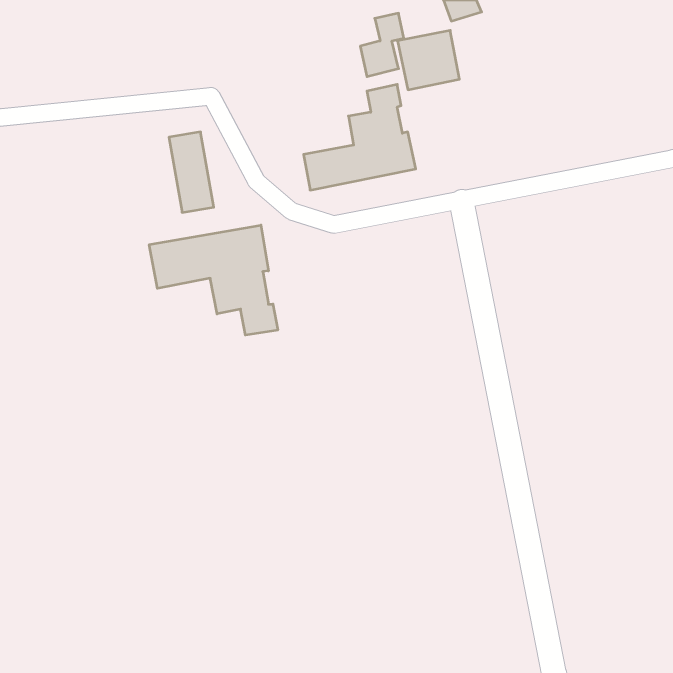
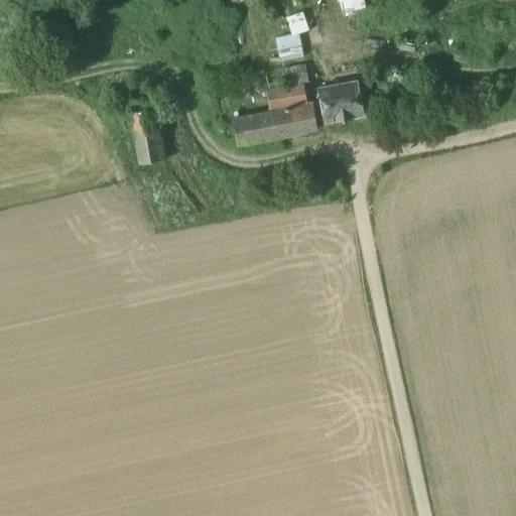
building: [397,30,459,90] -> [316,80,364,125]
building: [149,225,278,335] -> none

